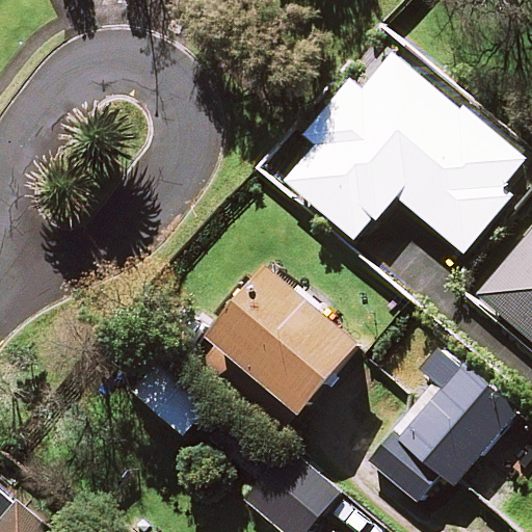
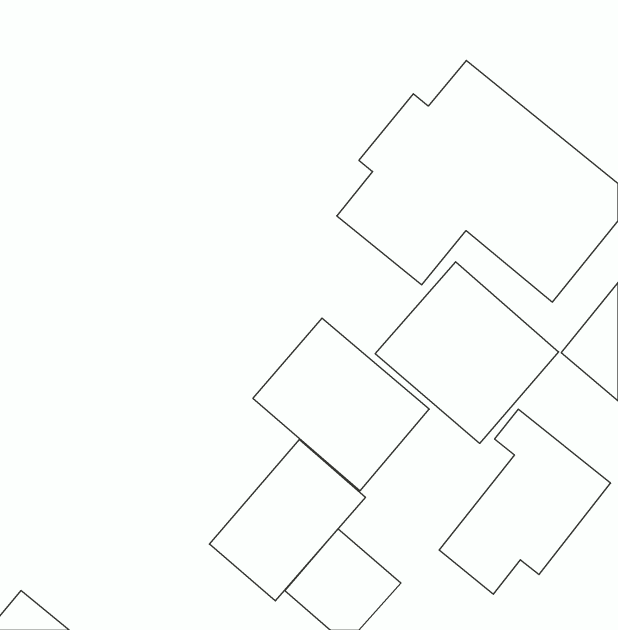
building: none -> [375,262,559,443]
building: none -> [209,440,365,601]

